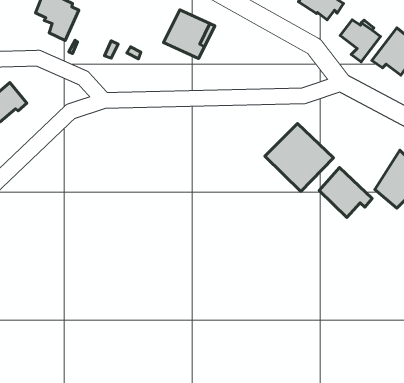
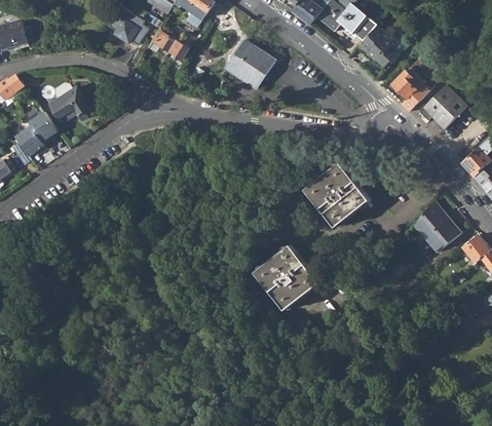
building: none -> [147,30,189,60]
building: [319,167,372,218] -> none
building: none -> [256,245,319,310]

